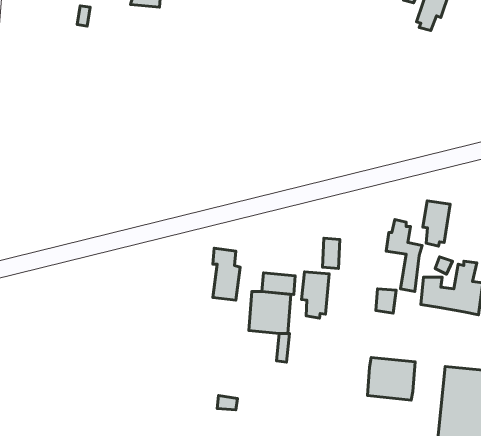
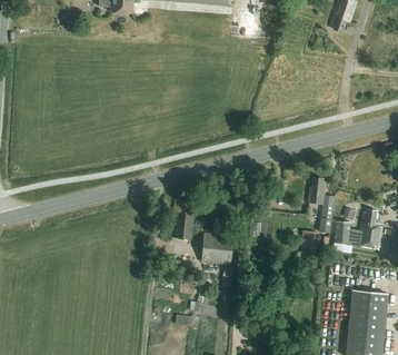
building: [423,201,450,246] -> none
building: [302,272,329,318] -> none
building: [367,357,415,400] -> none

